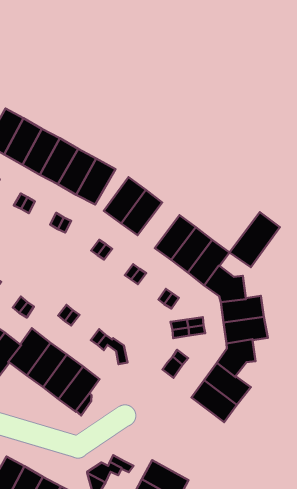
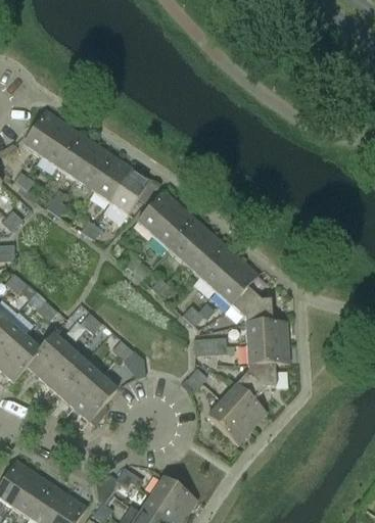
building: none -> [168,218,212,263]
building: [230,212,280,267] -> none

